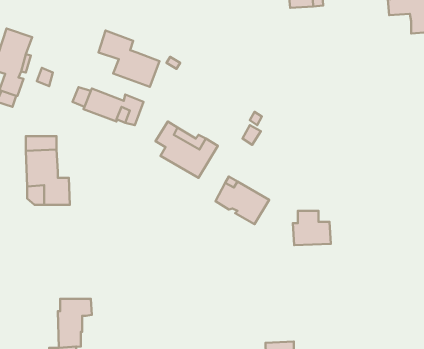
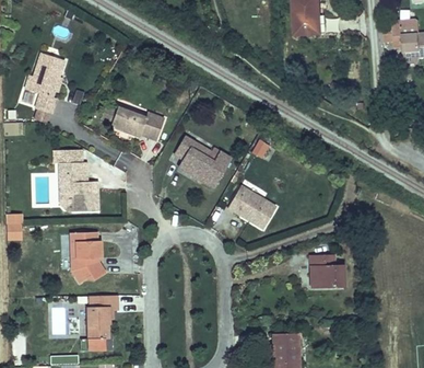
building: [98,30,159,87] -> none
building: [293,211,331,245] -> [310,256,344,287]
building: none -> [70,233,105,284]

